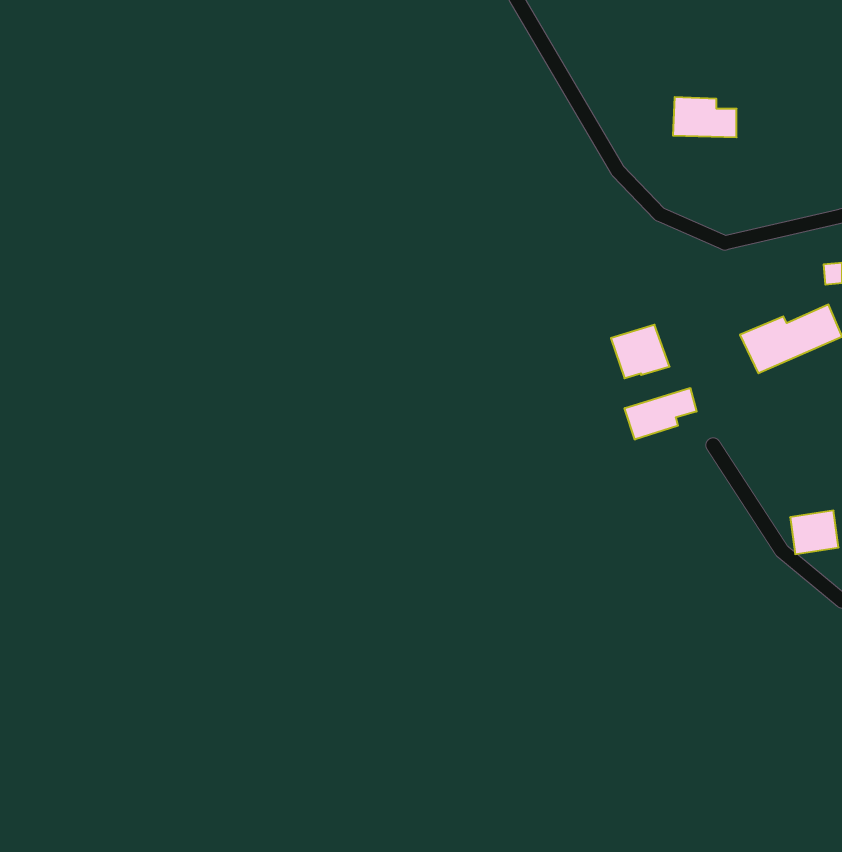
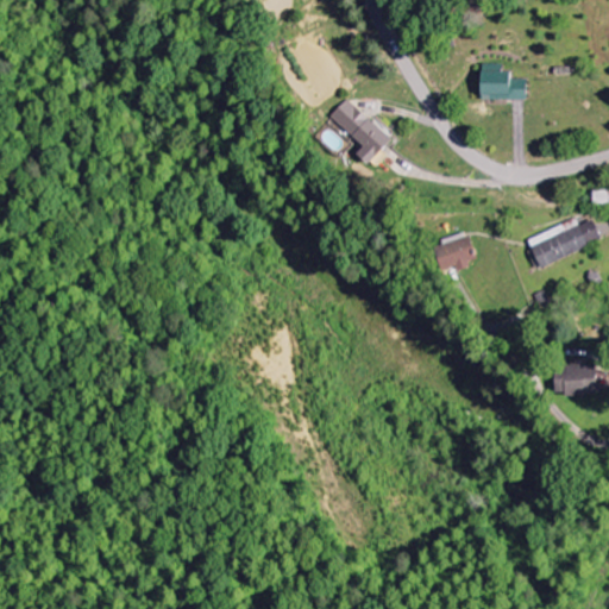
building: none -> [329,99,390,164]
building: [625,388,697,440] -> none

